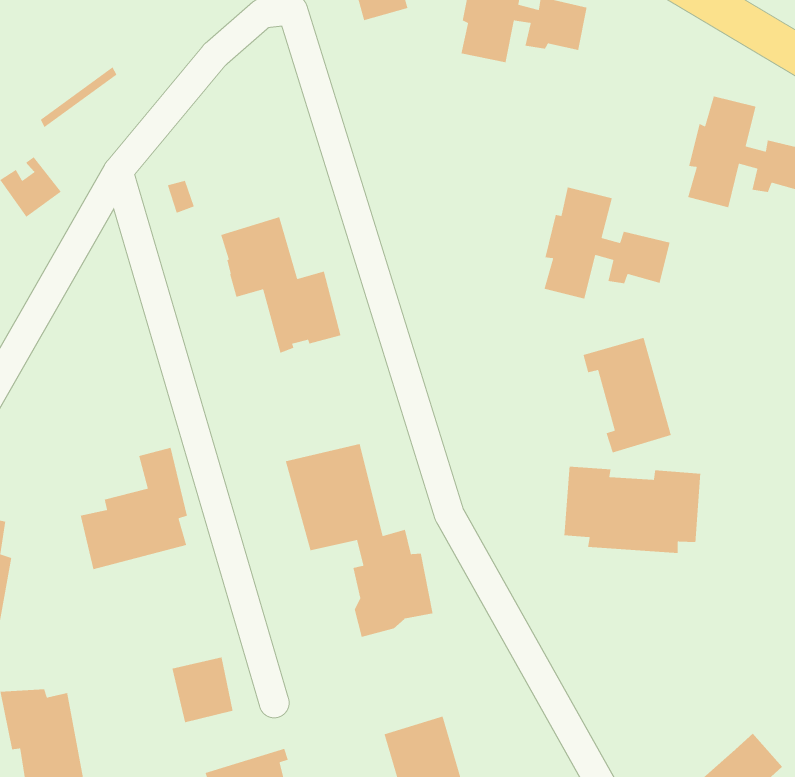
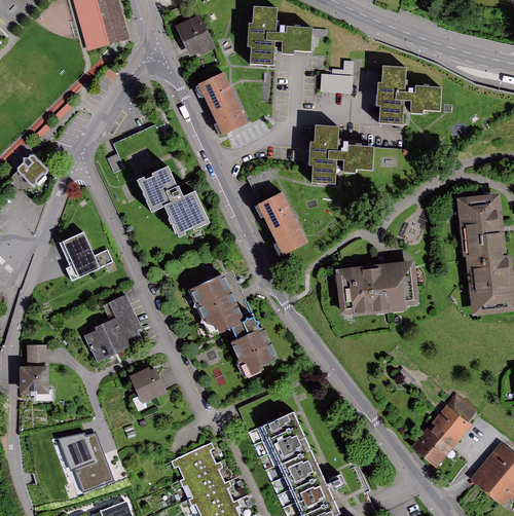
building: none -> [194,72,249,136]
building: none -> [316,72,351,91]
building: none -> [57,233,109,282]
building: [582,337,672,454] -> [257,191,310,255]
building: [171,656,233,723] -> [132,365,168,403]

